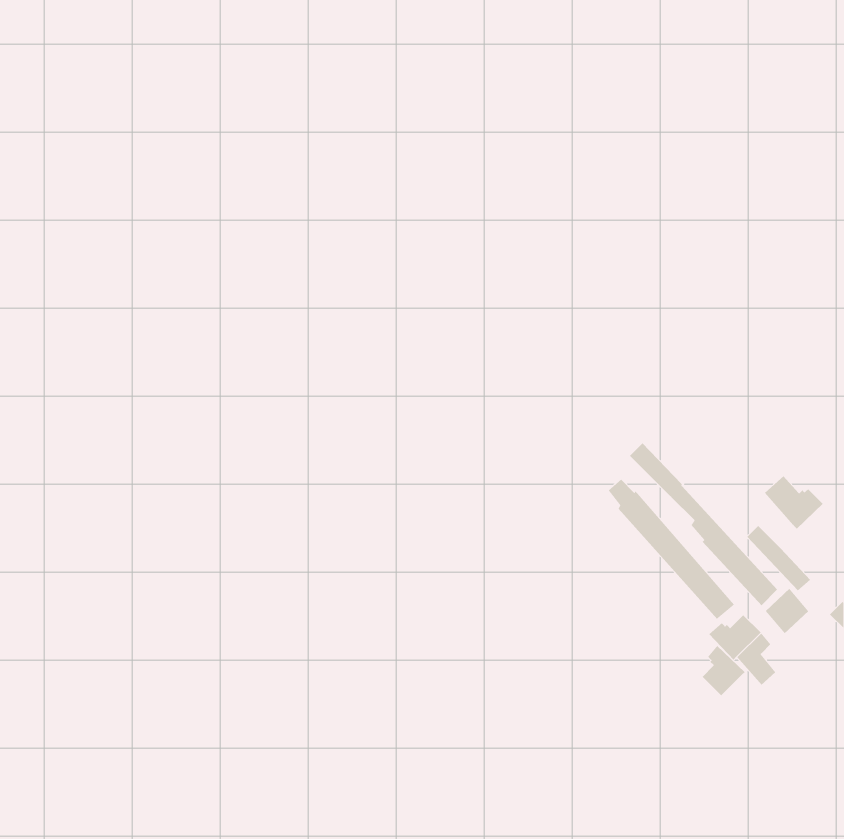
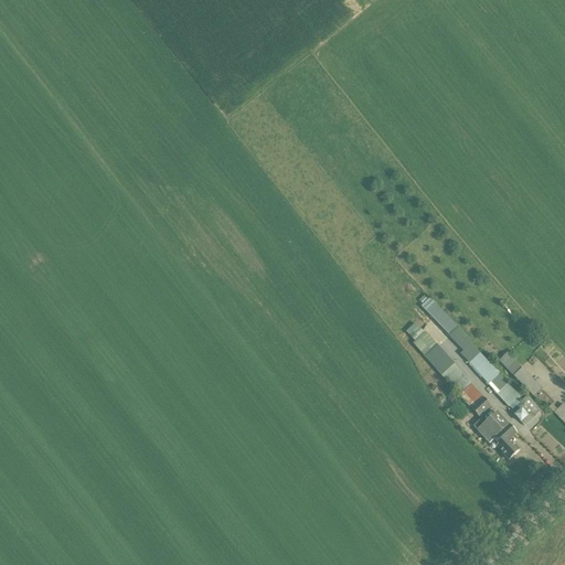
building: [764,476,823,530] -> none
building: [702,645,745,696] -> none

